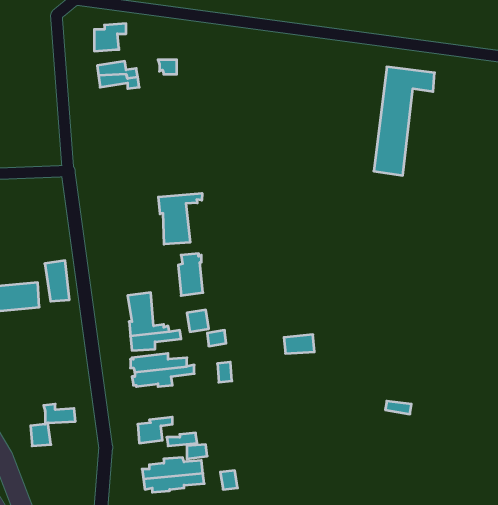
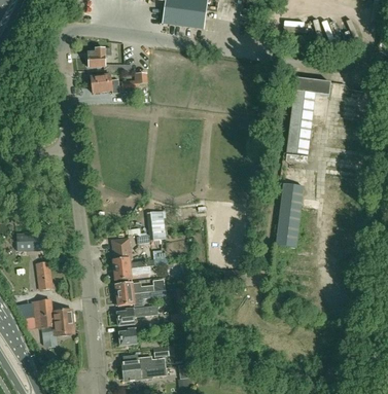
building: [158,193,202,244] -> none
building: none -> [276,183,304,248]
building: [45,261,69,301] -> [34,261,51,290]
building: none -> [31,298,73,325]
building: none -> [116,306,156,325]

